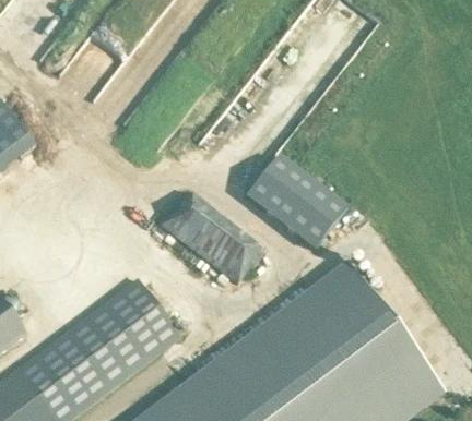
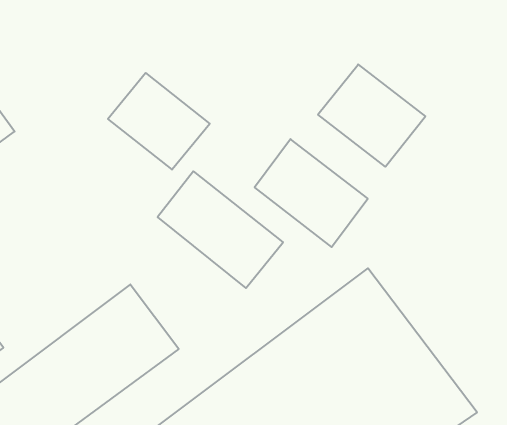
building: none -> [318,64,425,167]
building: none -> [108,73,210,170]

